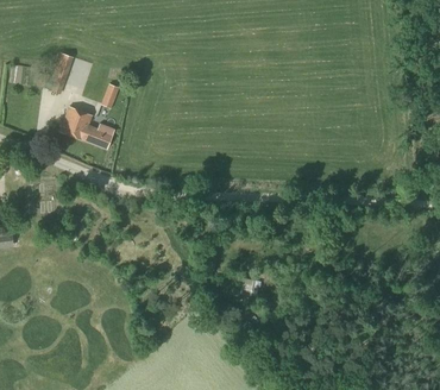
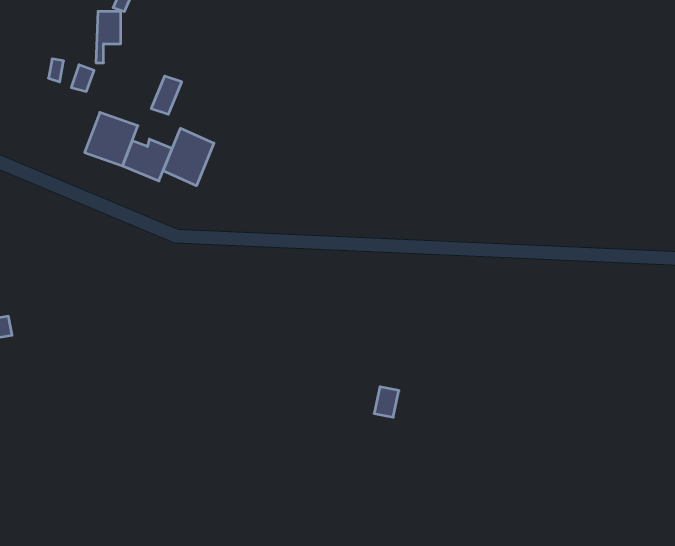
building: none -> [163,128,214,186]

